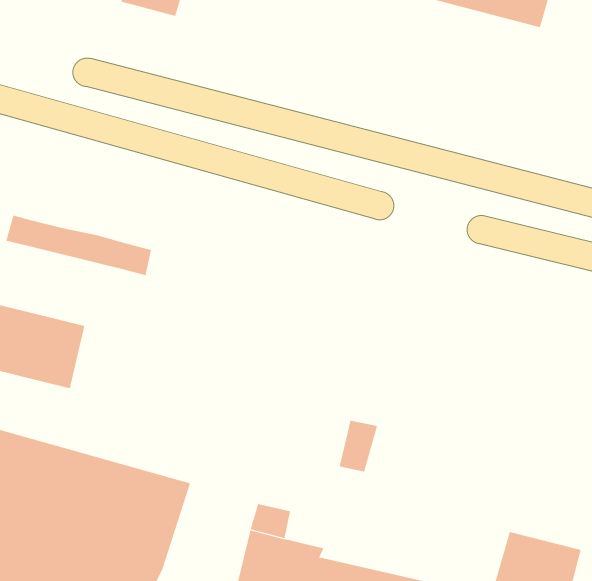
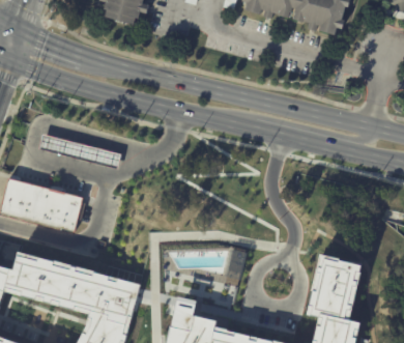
building: none -> [307,255,362,319]

